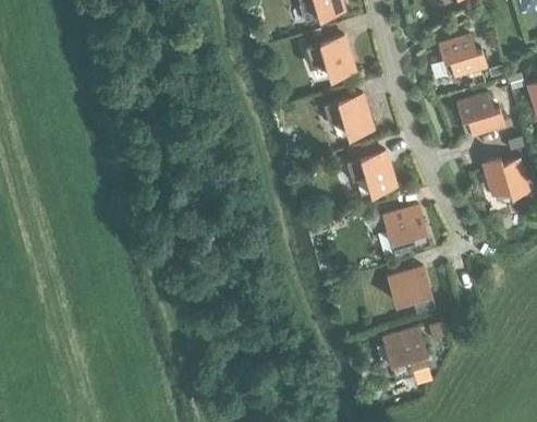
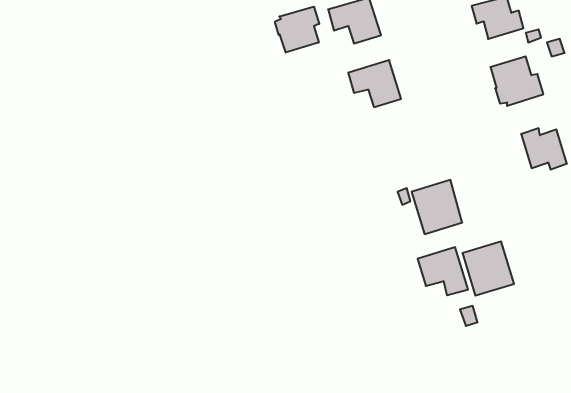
building: none -> [275,7,319,53]
building: [347,153,396,195] -> none
building: [383,328,431,378] -> [462,242,514,296]

